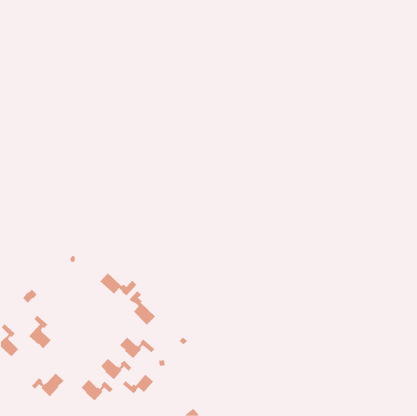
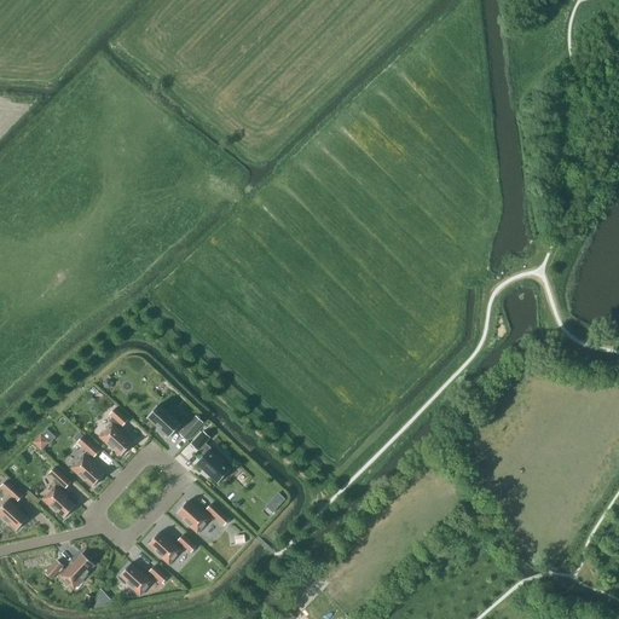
building: none -> [99,407,133,455]
building: none -> [71,435,104,486]
building: [122,374,154,394] -> none

